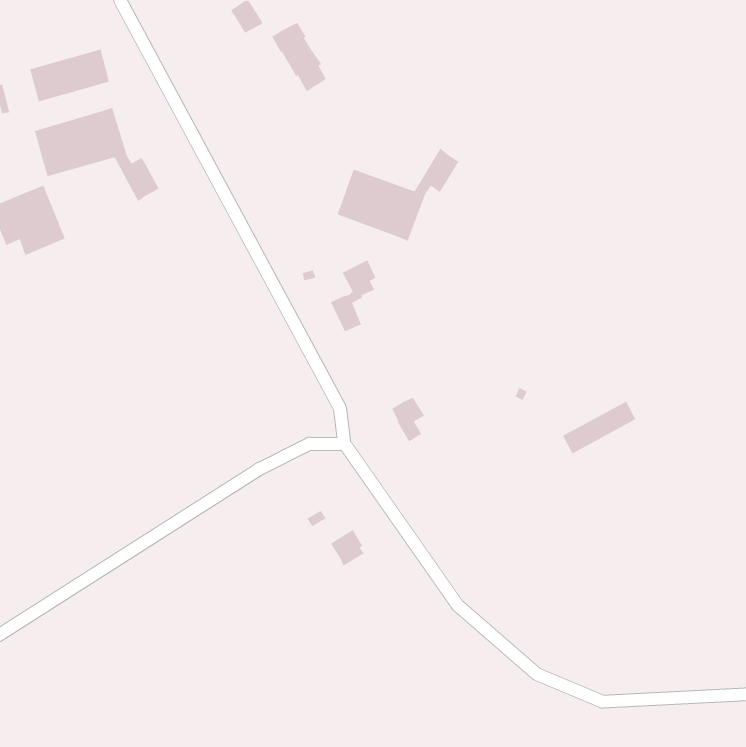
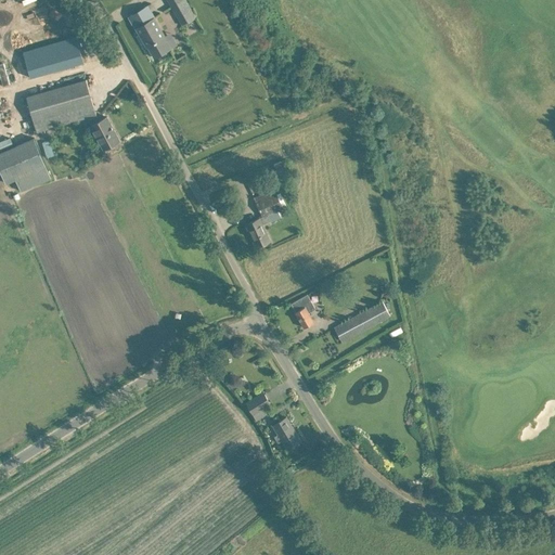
building: [271,22,327,92] -> [127,7,168,59]
building: [336,147,460,242] -> none
building: [562,400,637,455] -> [333,302,388,343]
building: none -> [271,417,298,449]

